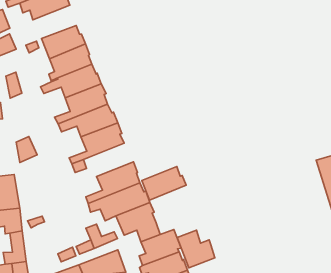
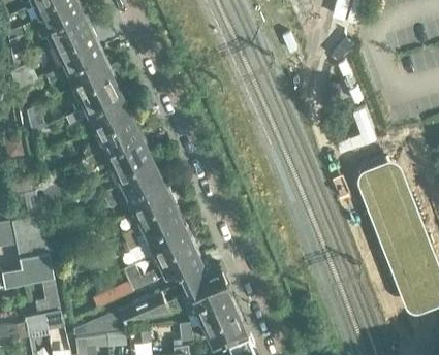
building: none -> [52,26,99,64]
building: [142,167,186,200] -> [122,172,170,211]
building: [177,230,215,268] -> none

